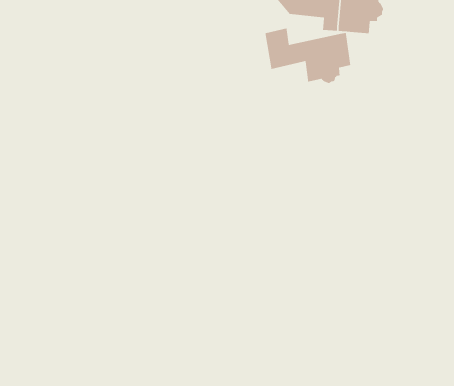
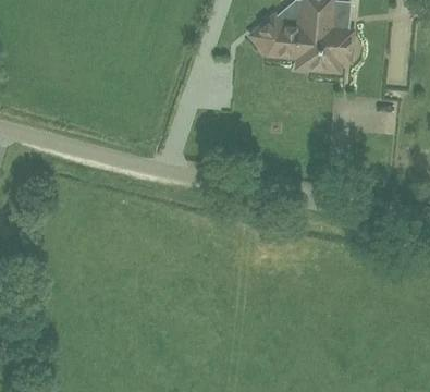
building: [265,28,351,84] -> none

